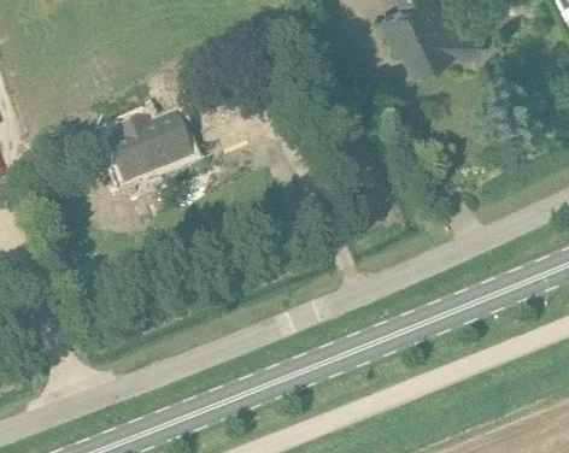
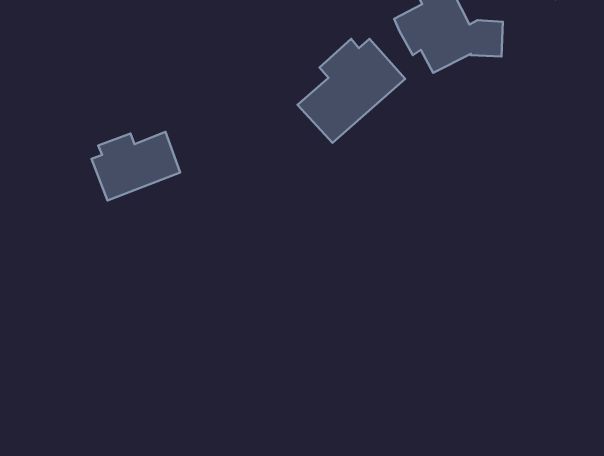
building: none -> [298,39,405,143]

